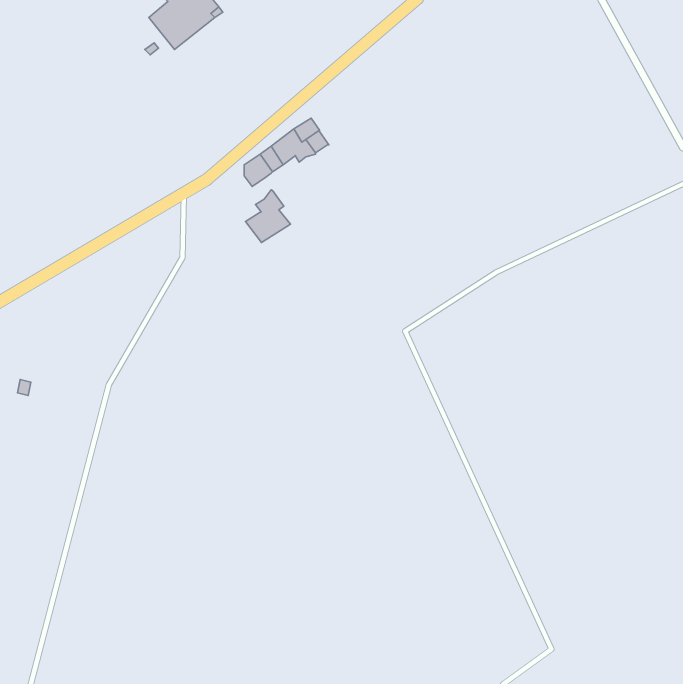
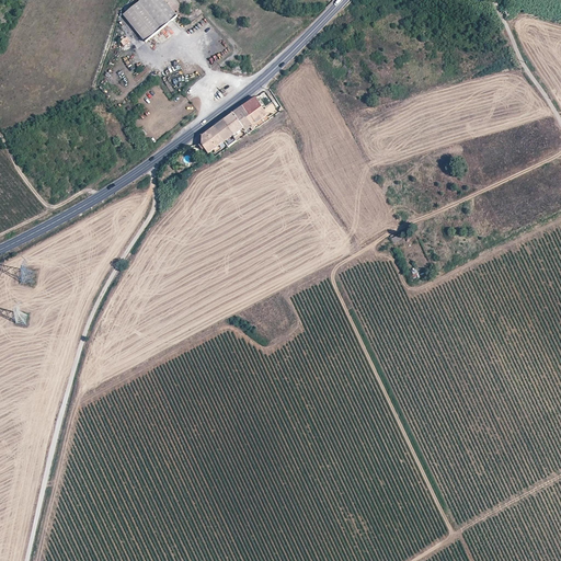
building: [246,190,291,243] -> none

